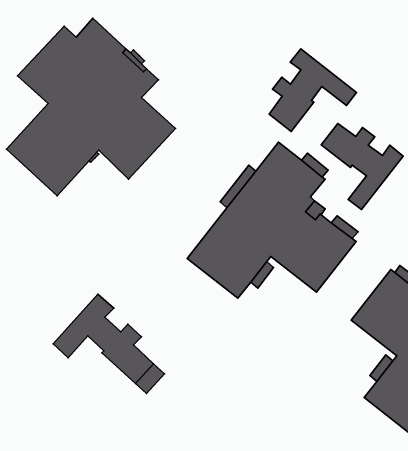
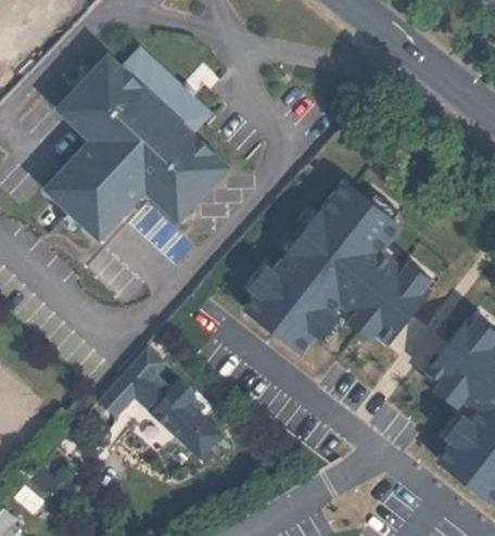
building: [269,49,356,132] -> none
building: [321,123,403,209] -> none

